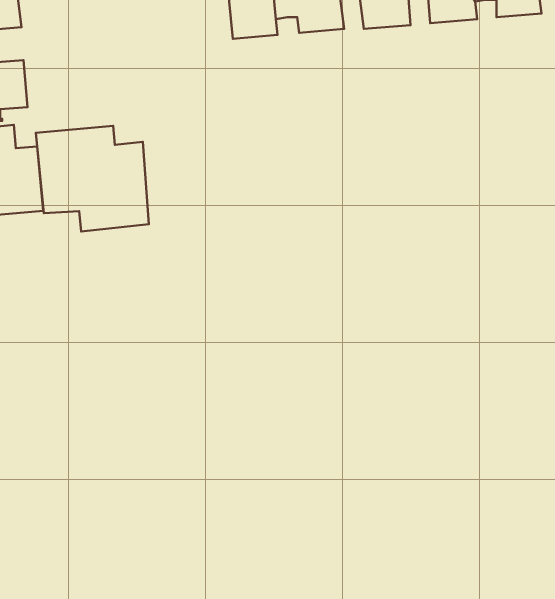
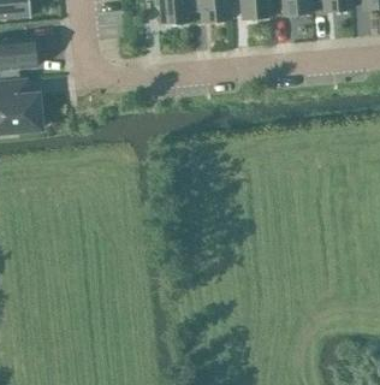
building: [36,126,149,231] -> none

